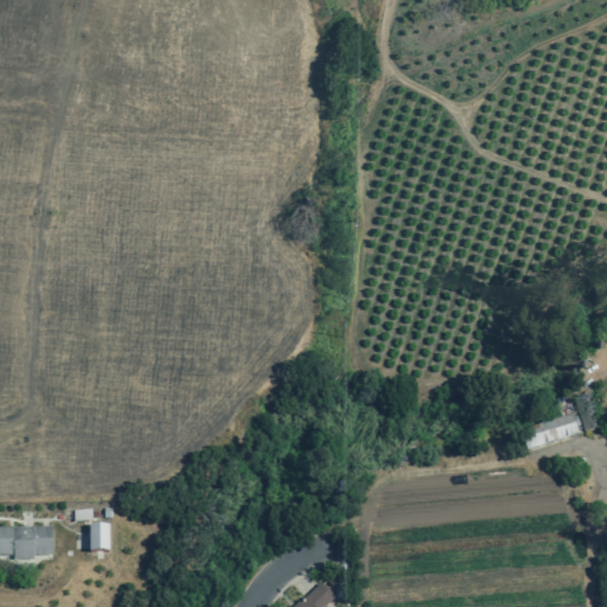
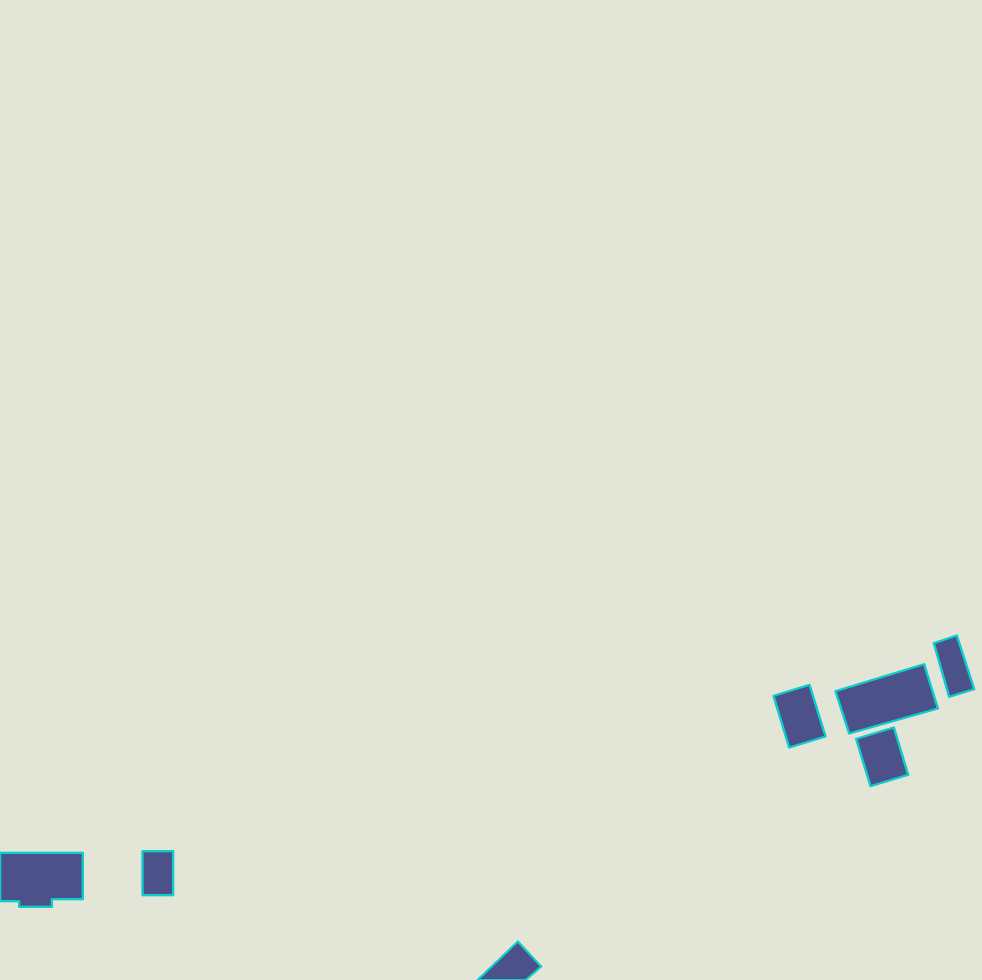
building: none -> [773,685,825,748]
building: none -> [856,727,908,786]

